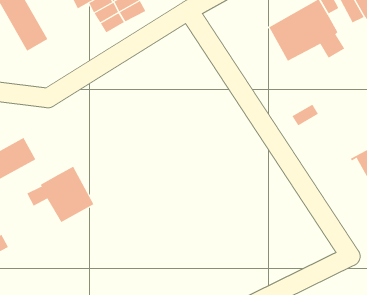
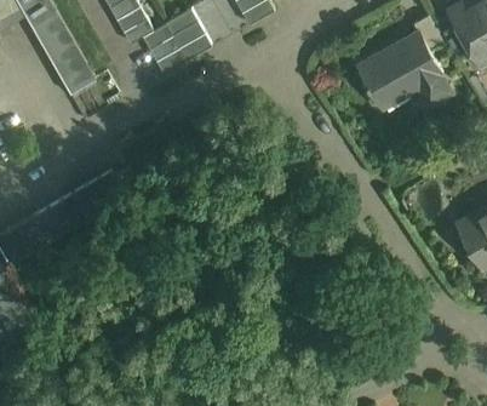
building: [26,166,94,223] -> none

